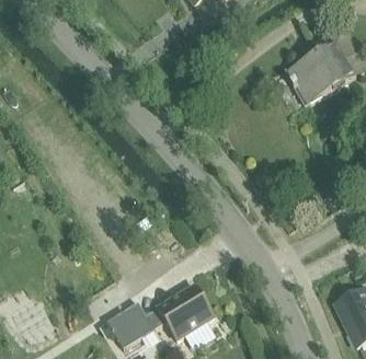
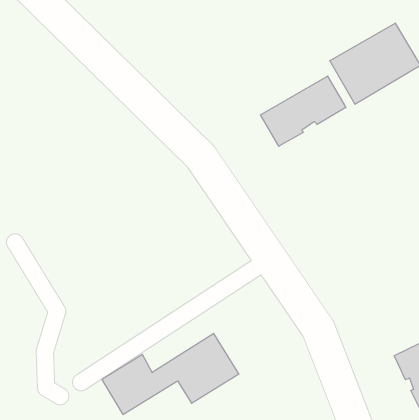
building: none -> [260,76,346,146]

